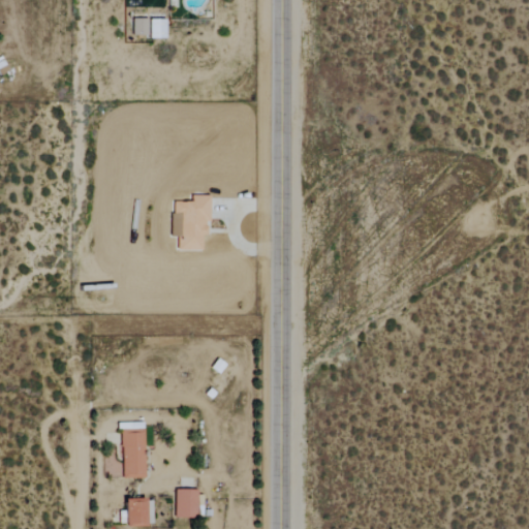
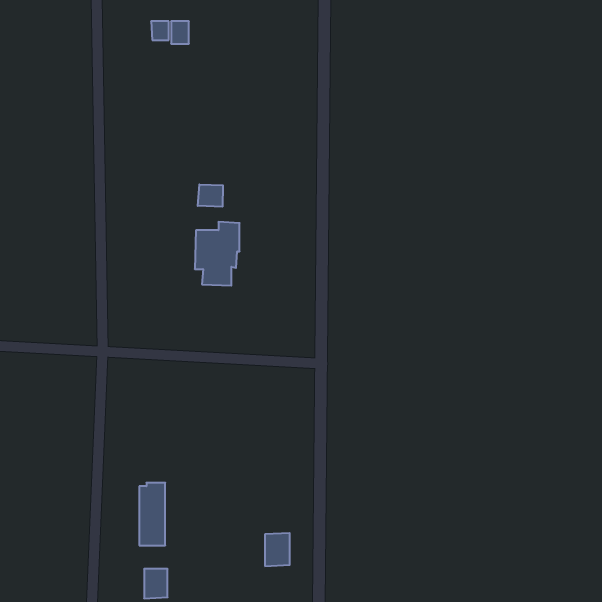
building: none -> [198,184,223,207]
building: [177,489,198,518] -> [265,533,290,566]

